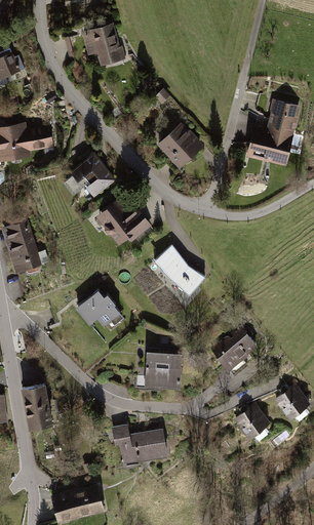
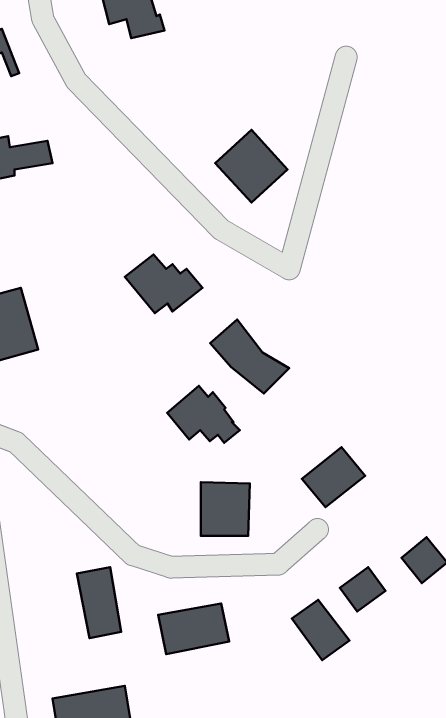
building: [248,98,300,163] -> none
building: [63,150,113,196] -> none
building: [76,289,123,326] -> [167,386,240,443]
building: [22,385,50,431] -> [77,567,121,638]
building: none -> [292,600,349,660]

